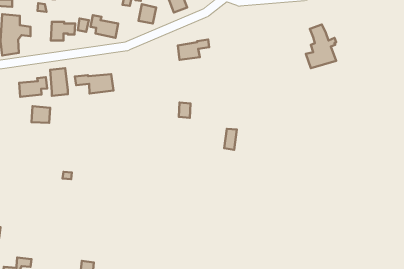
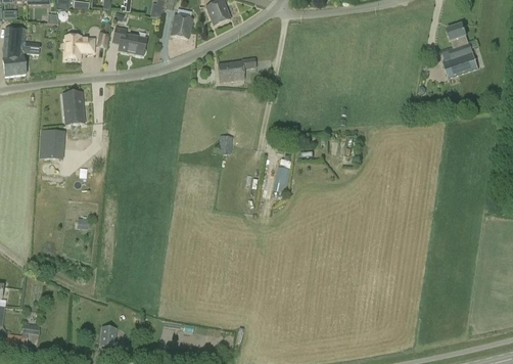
building: [306,24,336,68] -> [441,24,478,77]
building: [75,74,113,94] -> none
building: [19,77,47,97] -> none

